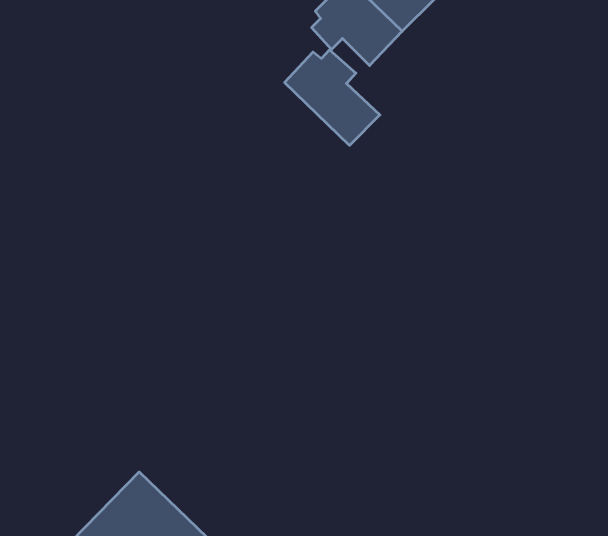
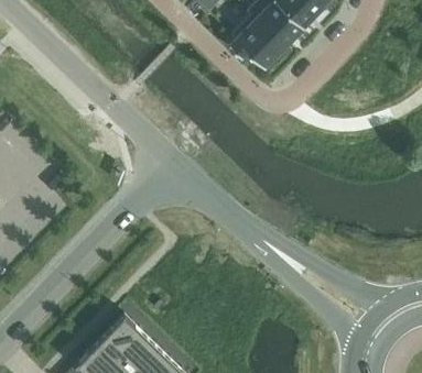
building: [285,50,380,145] -> none

